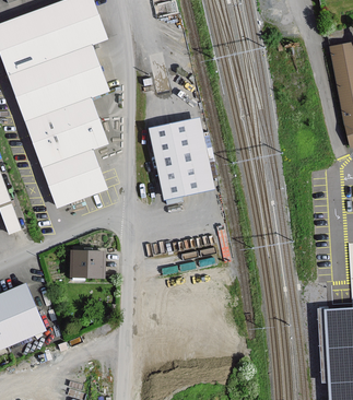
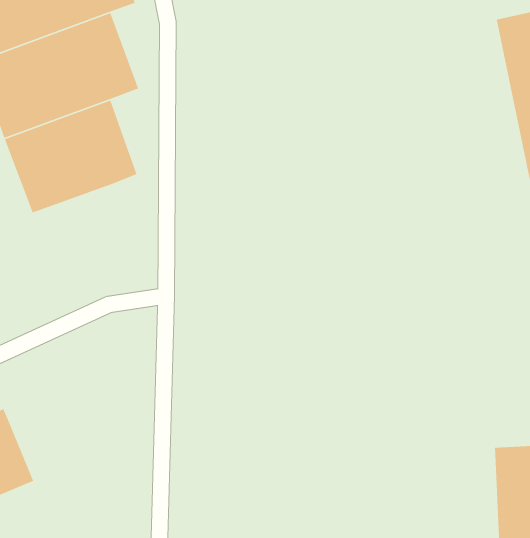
building: [149,118,211,199] -> none
building: [44,148,107,207] -> none
building: [70,251,103,277] -> none

